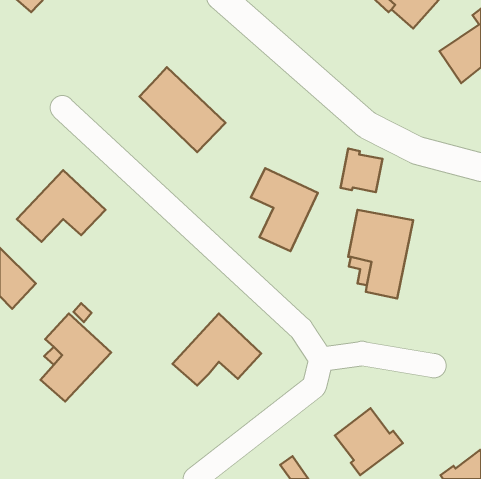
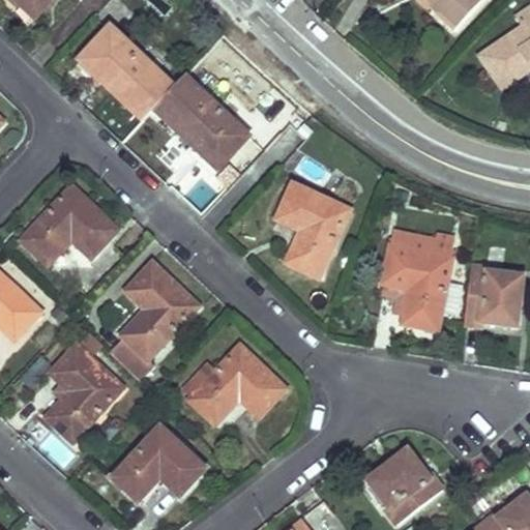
building: none -> [80,26,172,117]
building: [340,149,383,192] -> none
building: none -> [110,262,197,380]
building: none -> [462,262,521,323]
building: none -> [113,425,206,502]

